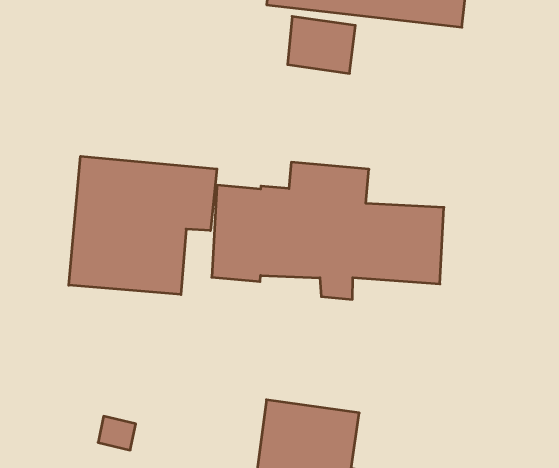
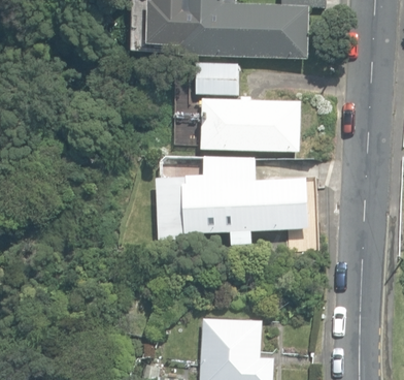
building: none -> [200,95,300,151]
building: [69,156,217,295] -> none

